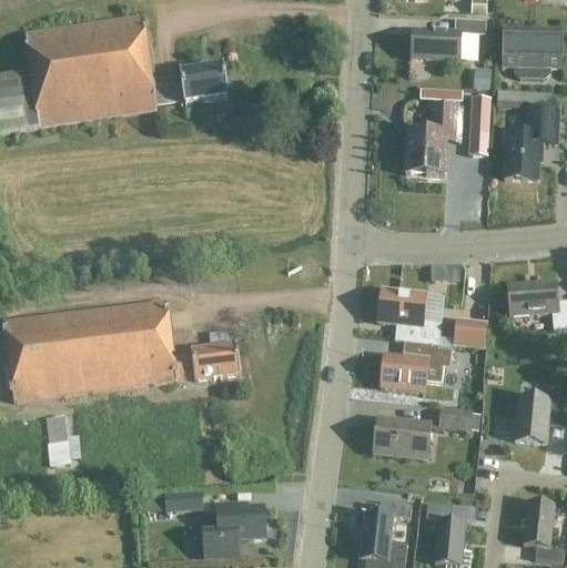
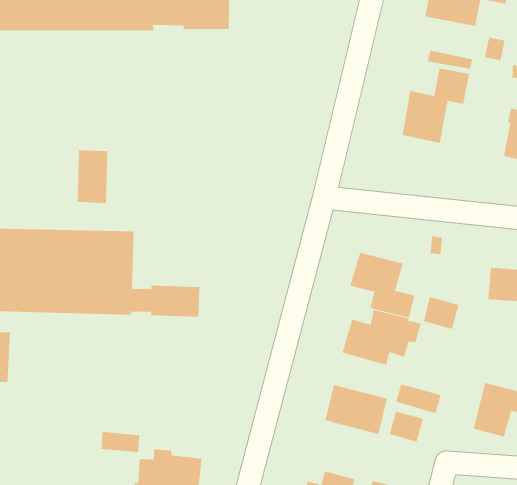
building: [467,95,489,154] -> none
building: none -> [77,149,108,204]
building: none -> [389,411,423,443]

